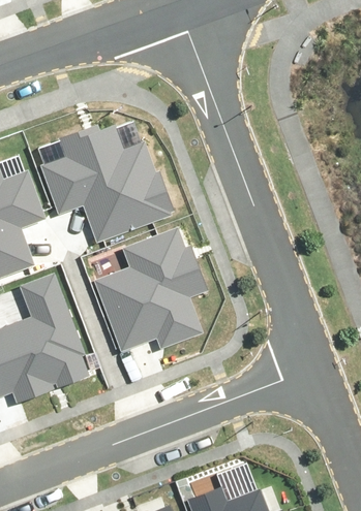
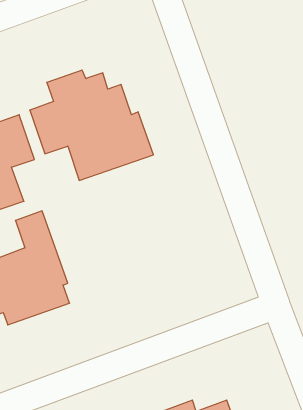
building: [90,228,208,353] -> none

